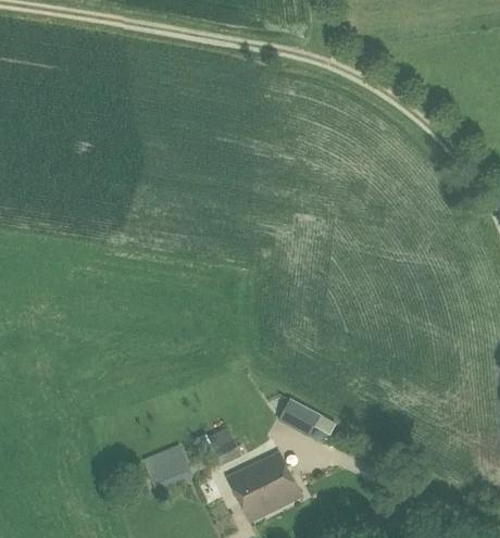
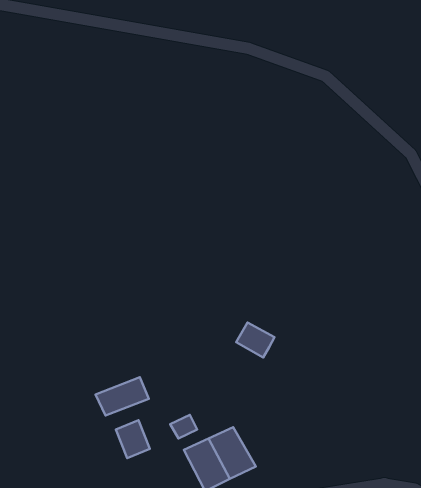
building: [278,398,318,435] -> [236,323,274,358]
building: none -> [96,377,149,416]

